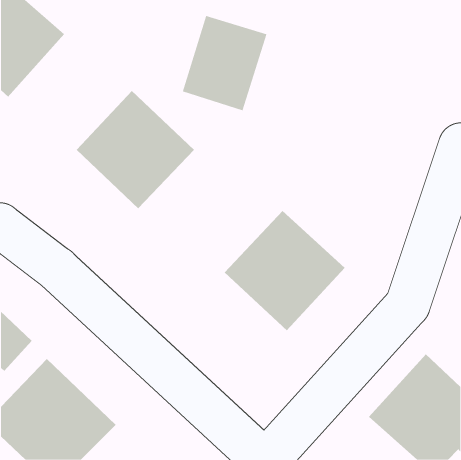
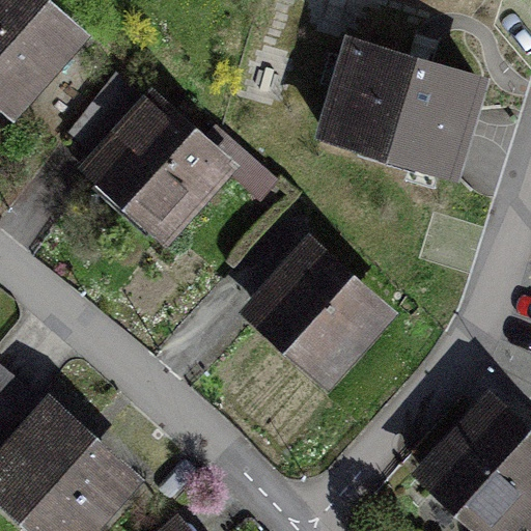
building: [182,15,267,111] -> none
building: none -> [326,49,477,185]

